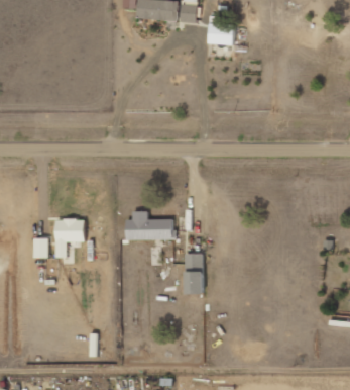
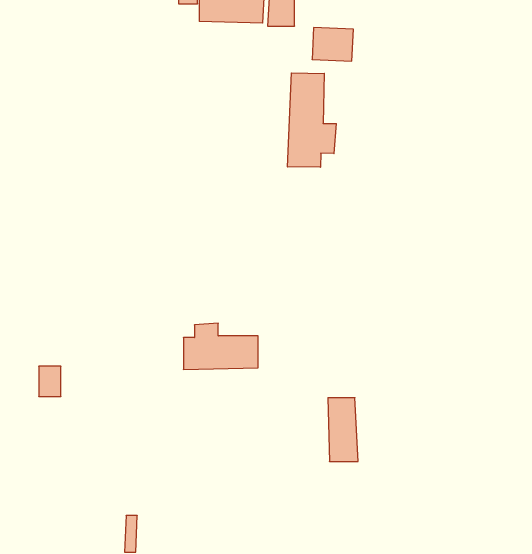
building: none -> [288,73,336,167]
building: [55,219,85,258] -> none
building: [185,254,204,294] -> [328,398,358,461]

